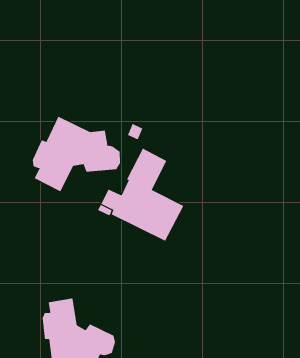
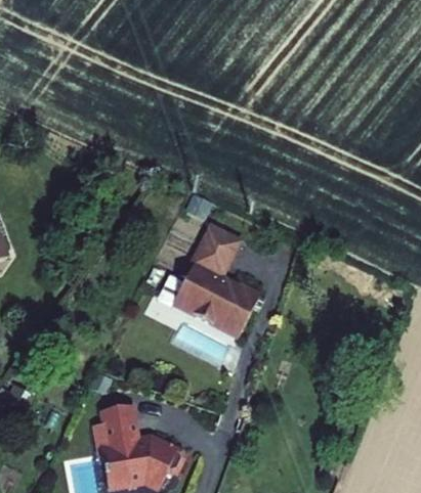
building: [32,116,121,192] -> none

